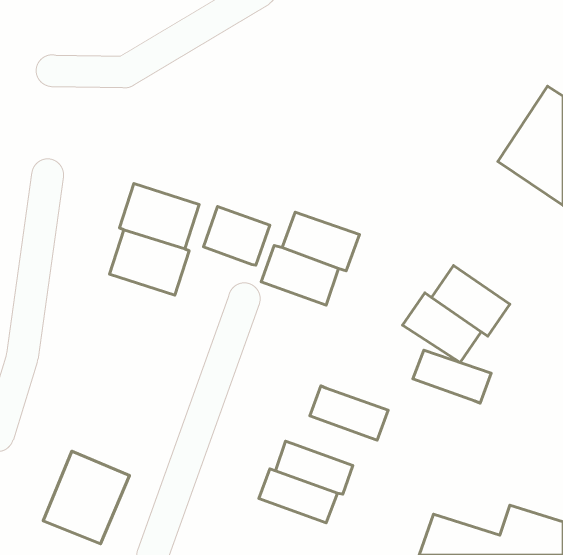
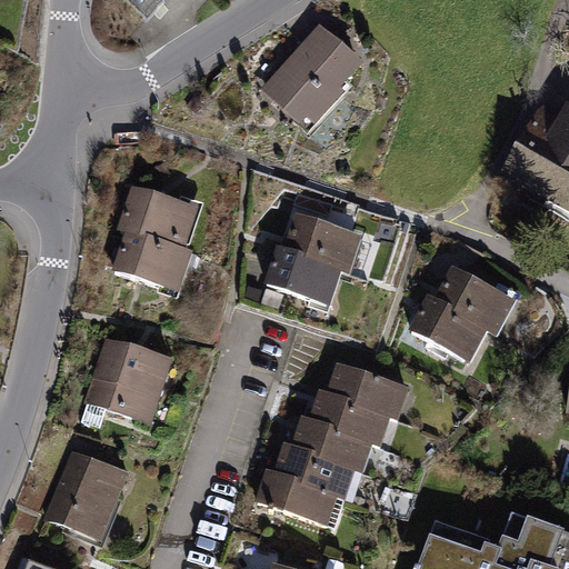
building: none -> [261,24,363,127]
building: [203,207,270,265] -> none
building: none -> [86,336,176,422]
building: [413,350,491,403] -> [328,361,407,415]
building: none -> [293,416,372,470]

